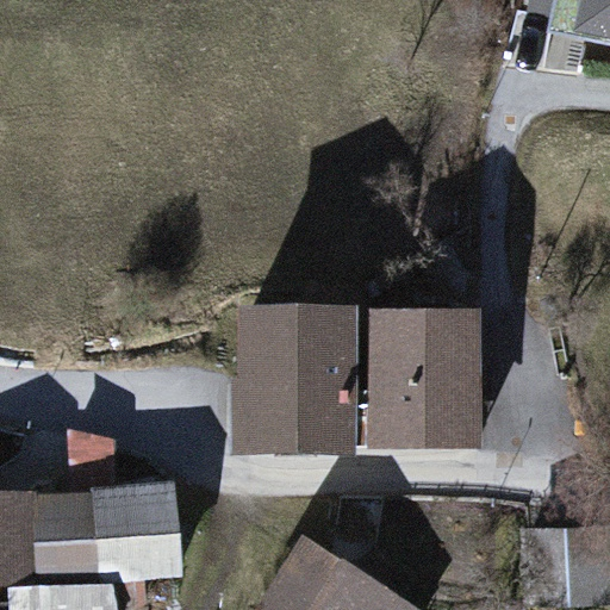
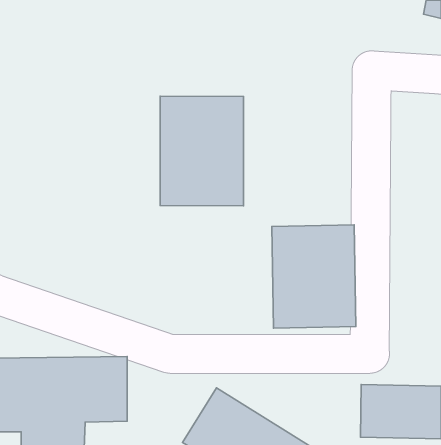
building: none -> [160,96,243,206]
building: [236,306,355,453] -> none

